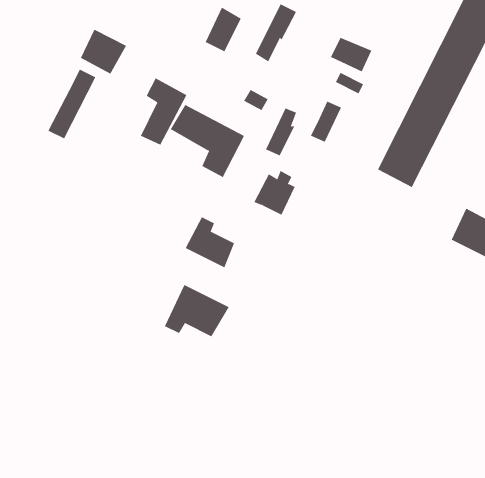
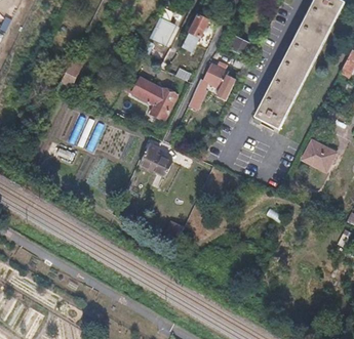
building: [80,29,127,74] -> none
building: [140,78,187,146] -> none
building: [254,170,295,215] -> [203,59,229,87]
building: [164,284,230,337] -> none

